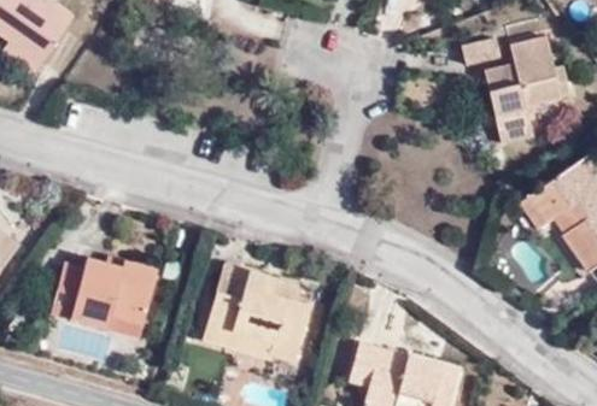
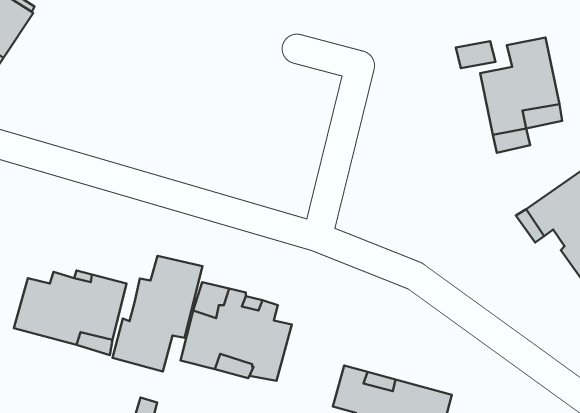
building: none -> [113,256,203,371]

